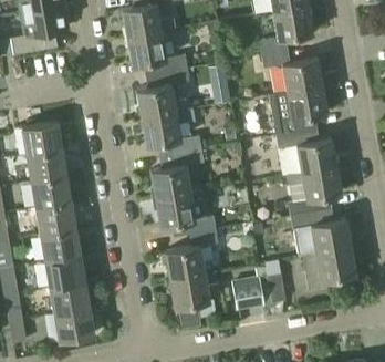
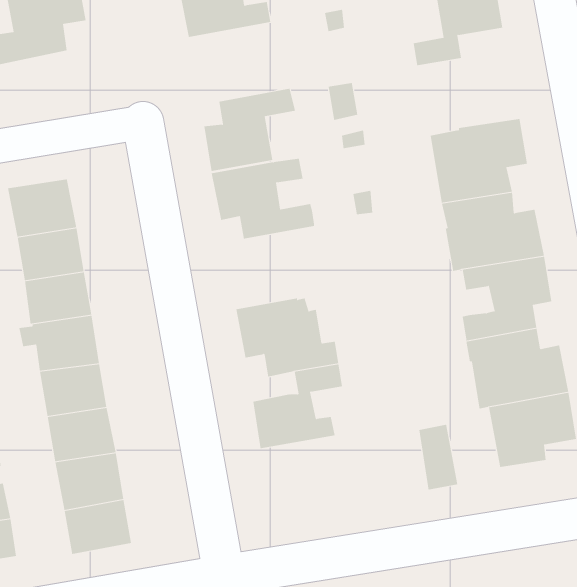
building: [127,30,187,76] -> none
building: [261,51,322,92] -> none
building: [150,149,204,198] -> none
building: [232,269,268,310] -> none
building: [169,272,219,328] -> none

